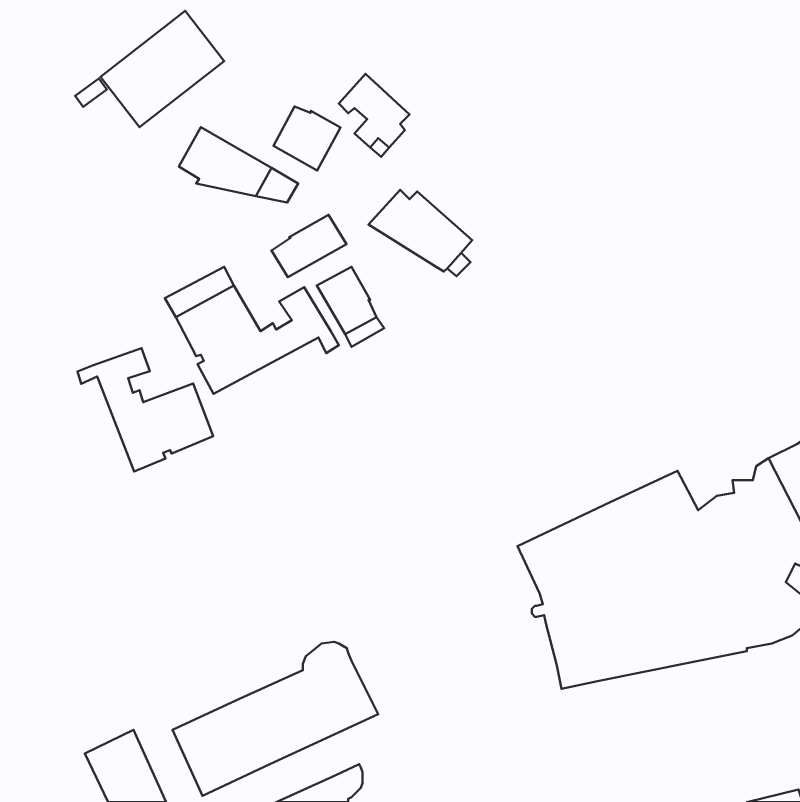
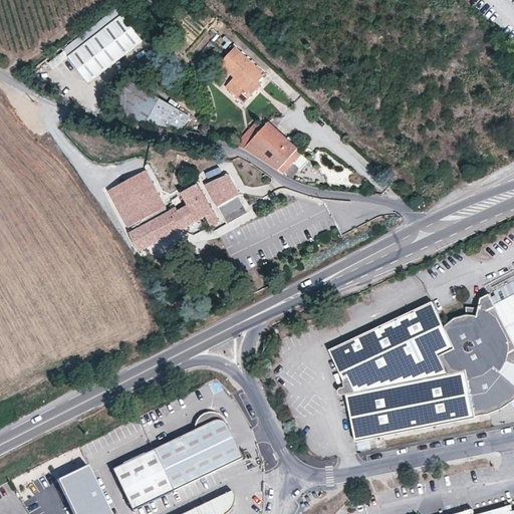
building: [273,106,340,171] -> none
building: [272,215,346,277] -> none
building: [77,348,213,472] -> none

